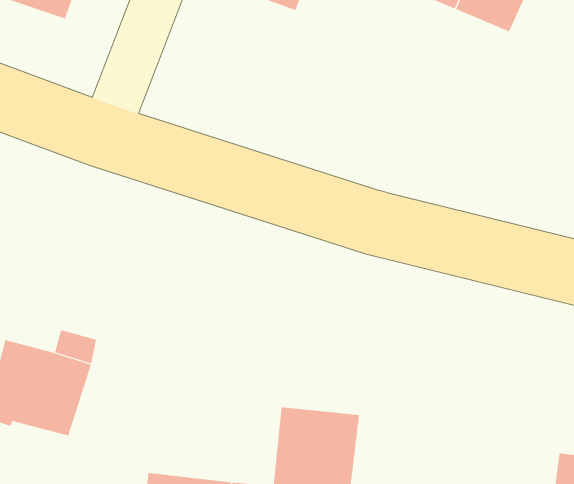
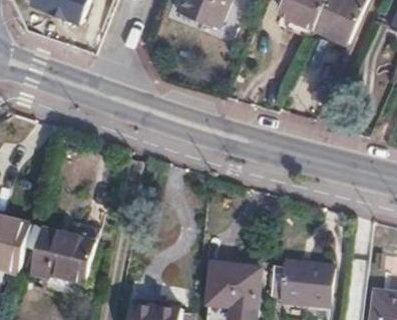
building: none -> [268,259,332,307]

